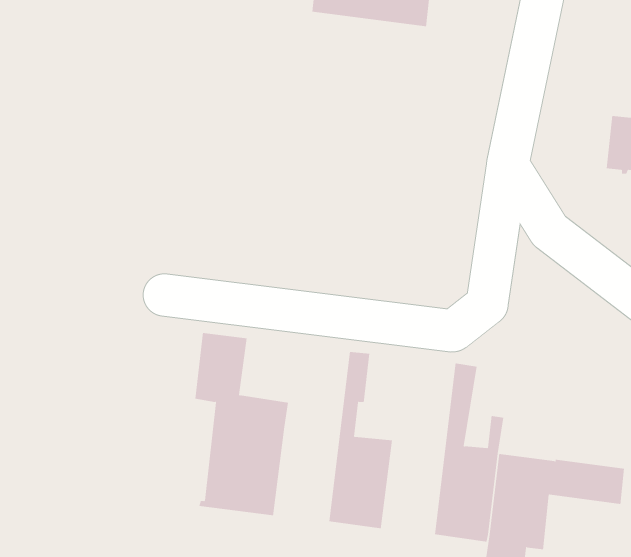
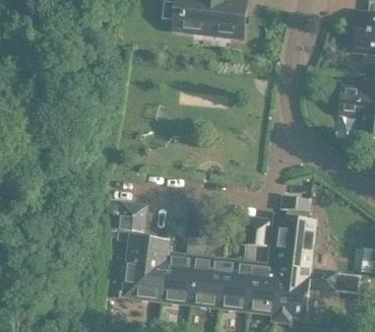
building: none -> [273,197,318,270]
building: none -> [160,209,200,303]
building: none -> [217,216,257,310]

